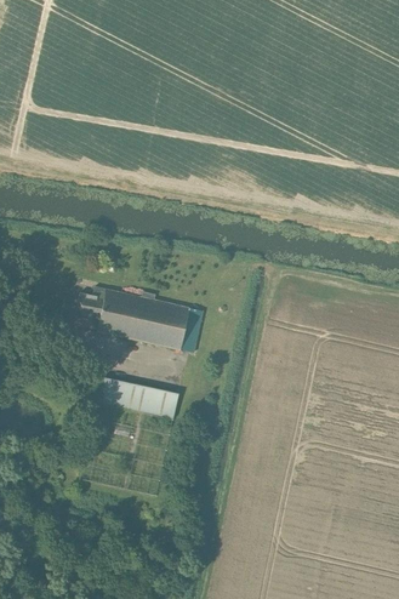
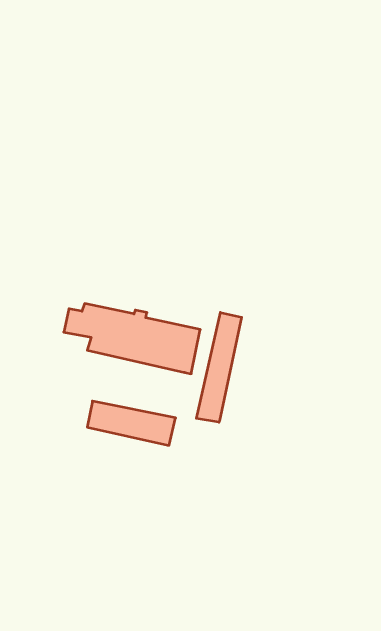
building: none -> [196,312,242,422]

